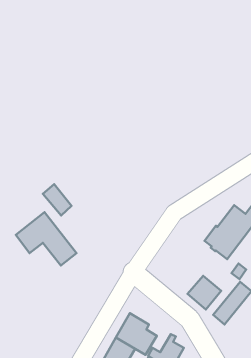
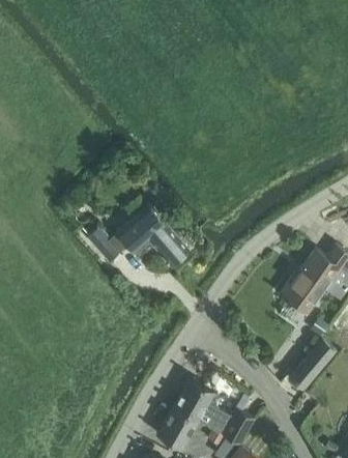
building: [16,212,77,265] -> [116,205,189,268]
building: [187,276,221,310] -> none

